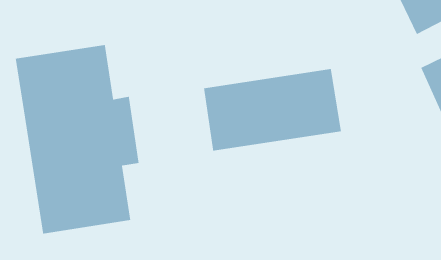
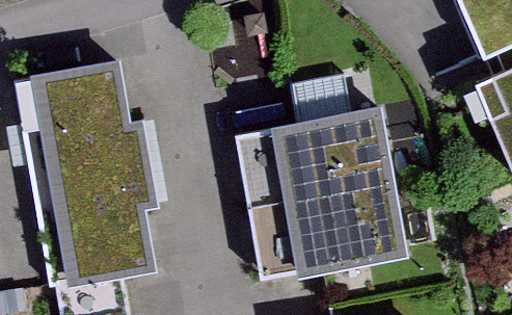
building: none -> [246,162,403,257]

